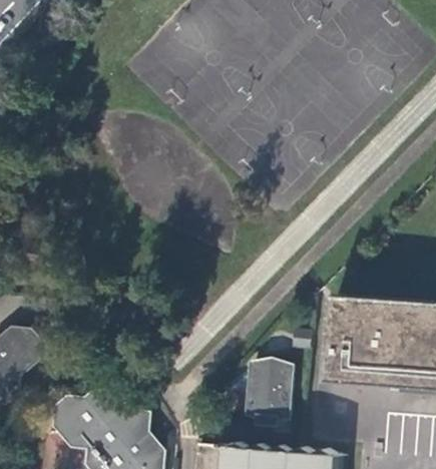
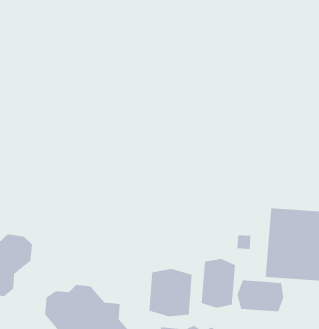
building: none -> [149,268,192,317]
building: none -> [237,280,284,312]

